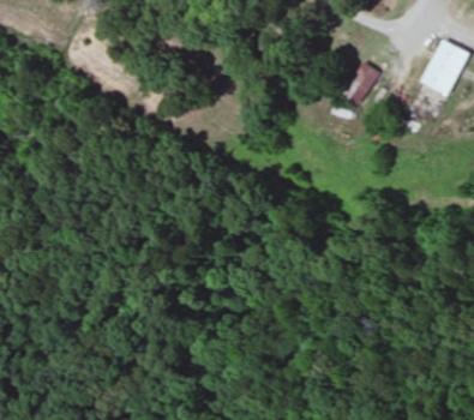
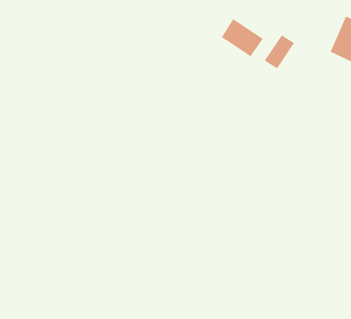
building: none -> [221,18,264,57]

